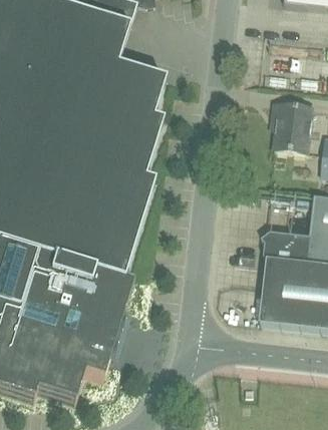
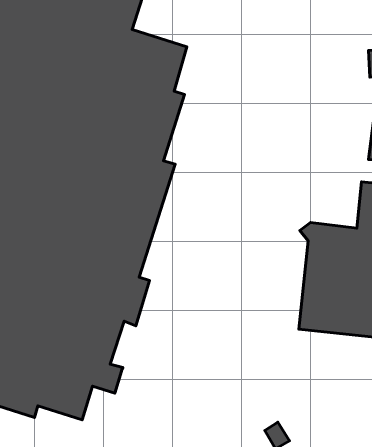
building: [273,101,313,150] -> none

